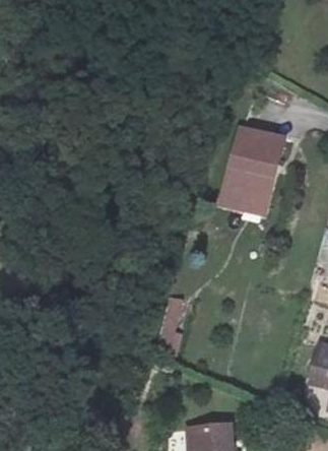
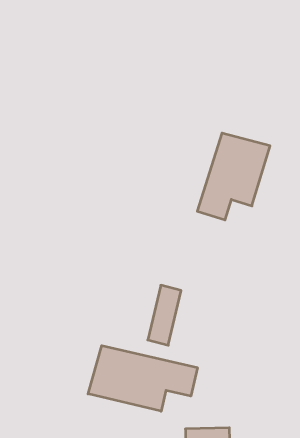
building: none -> [88,346,197,411]

